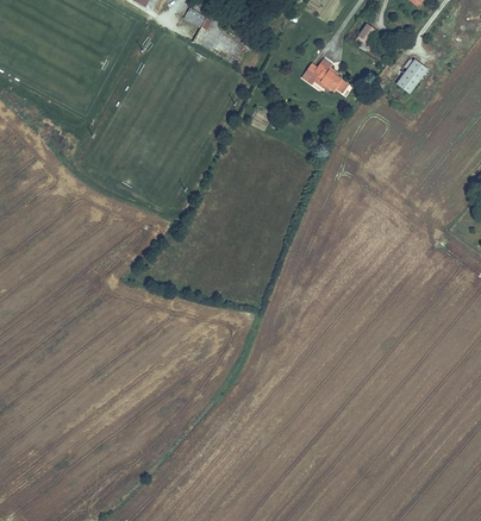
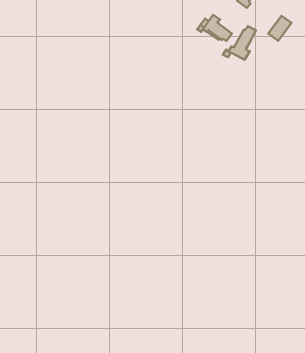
building: none -> [223,26,256,60]

